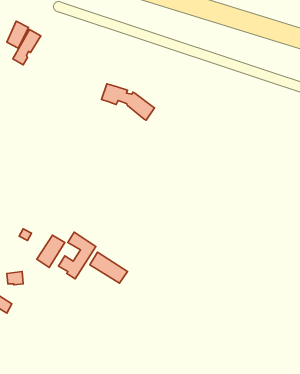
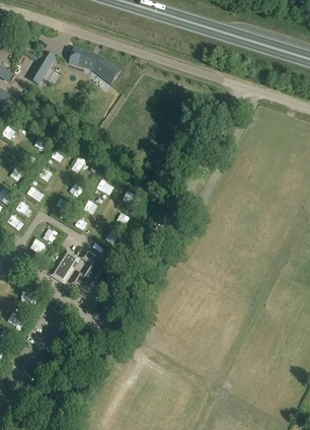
building: [102,84,155,120] -> [68,47,120,82]
building: [90,252,128,283] -> none

